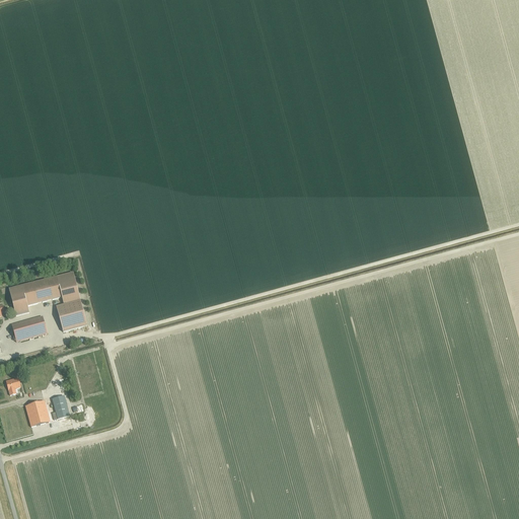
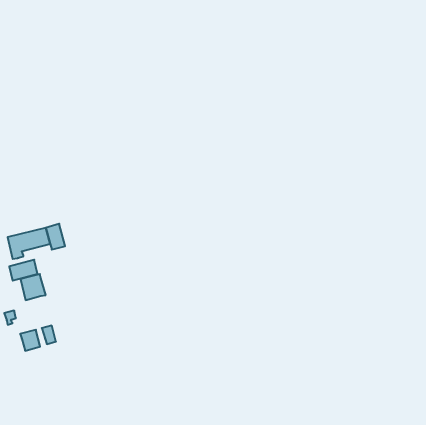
building: [56,299,86,330] -> [21,274,46,300]

